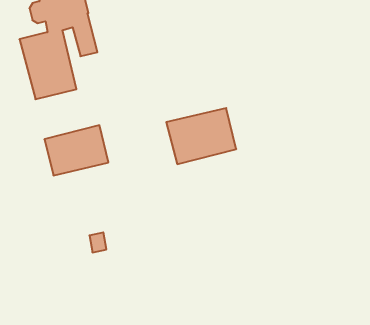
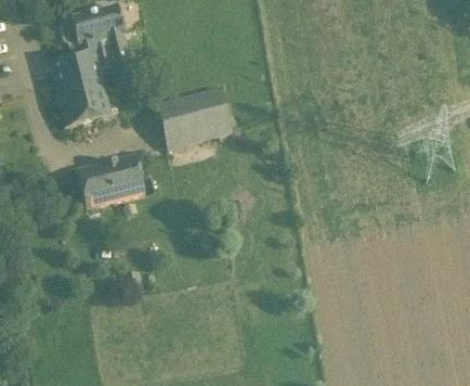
building: [166,108,236,164] -> [157,88,233,149]

